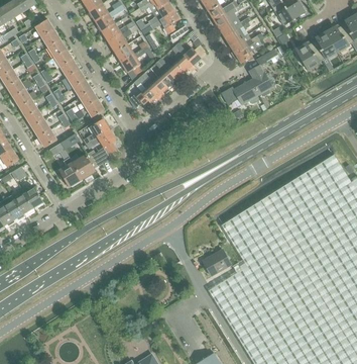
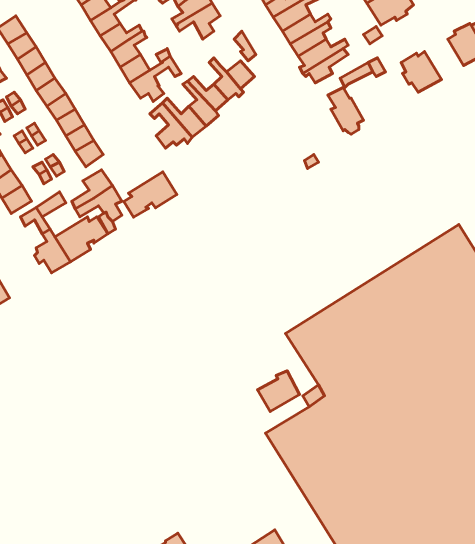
building: [312,32,337,61] -> none
building: [222,80,259,105] -> none
building: none -> [124,172,177,217]

